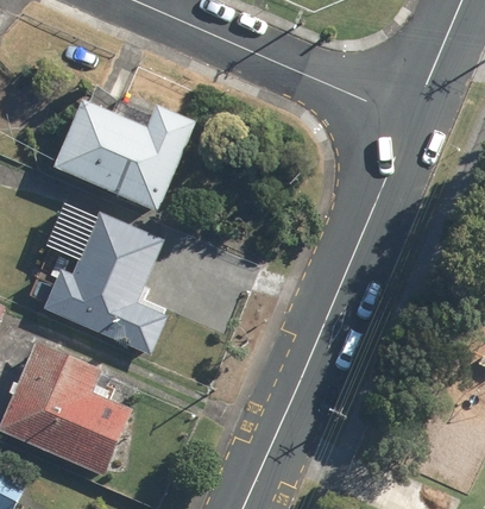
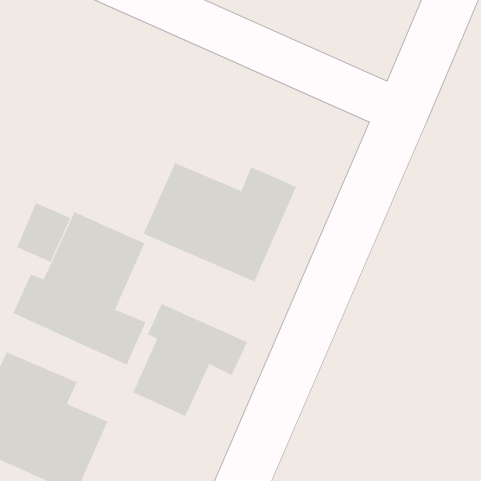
building: [52,100,196,212] -> [143,163,297,282]
building: none -> [132,303,248,417]

